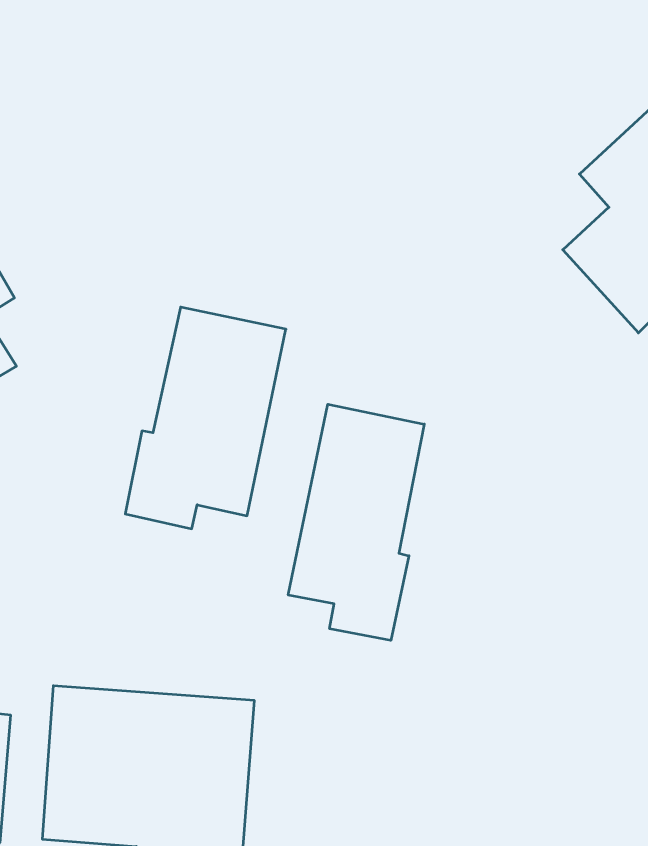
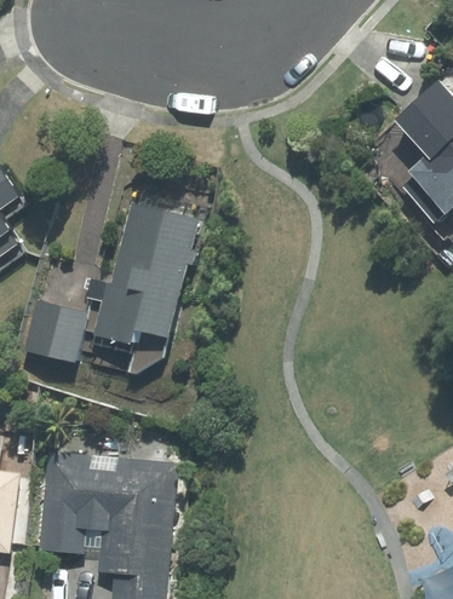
building: [288,404,424,640] -> none
building: none -> [22,300,92,367]

